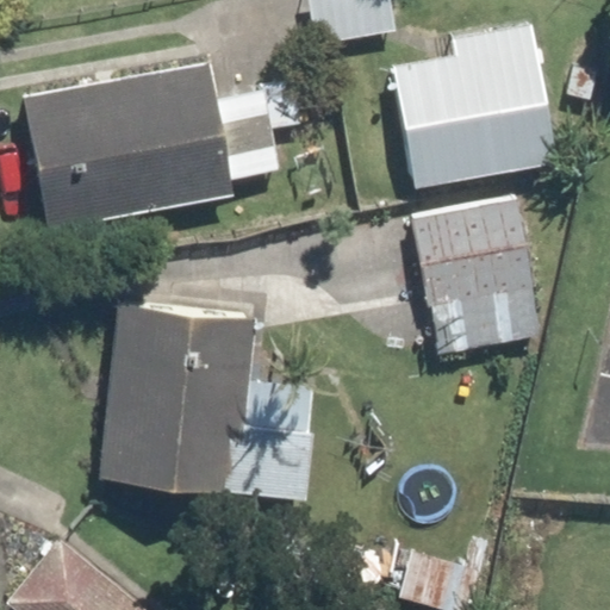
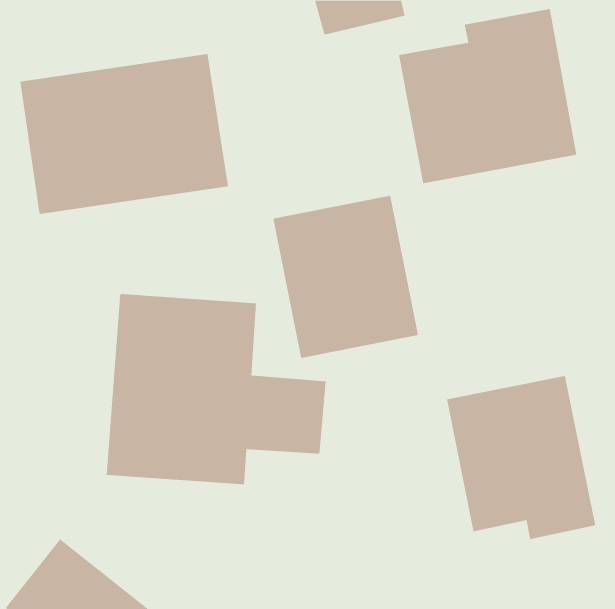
building: [405,199,548,359] -> [273,195,419,358]
building: none -> [446,375,596,540]

